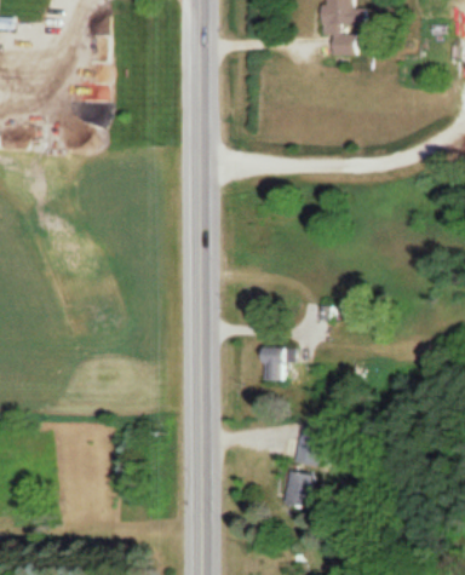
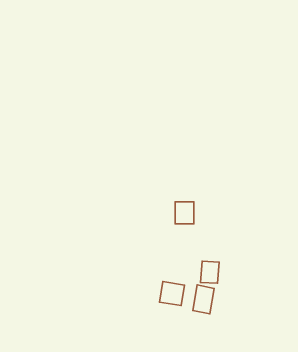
building: none -> [159,281,185,306]

